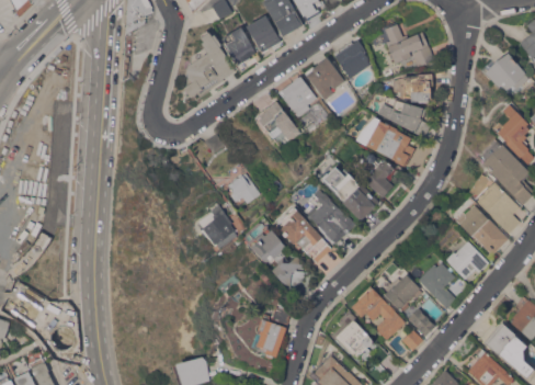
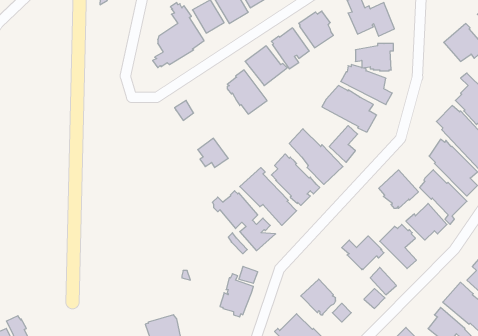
building: [198,204,237,248] -> none
building: none -> [379,170,418,208]
building: [351,286,405,339] -> none

